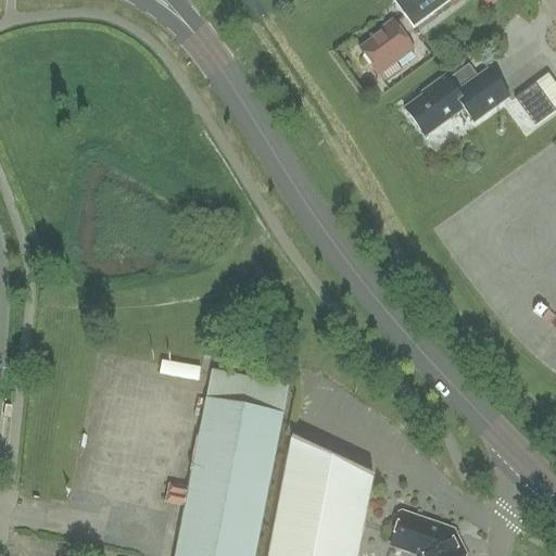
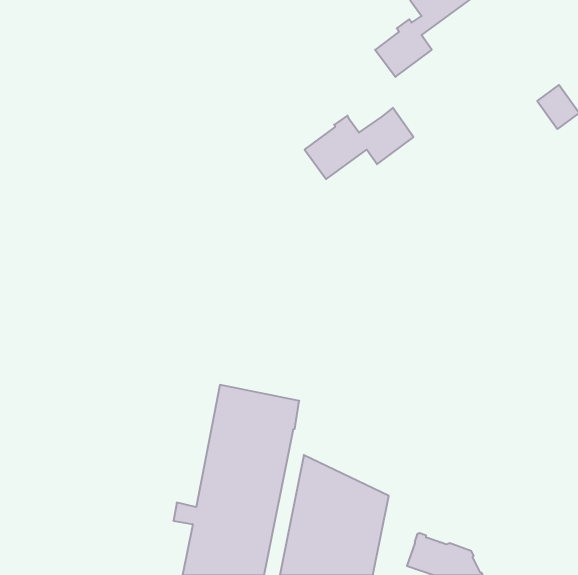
building: [405,67,509,136] -> [305,108,413,179]

